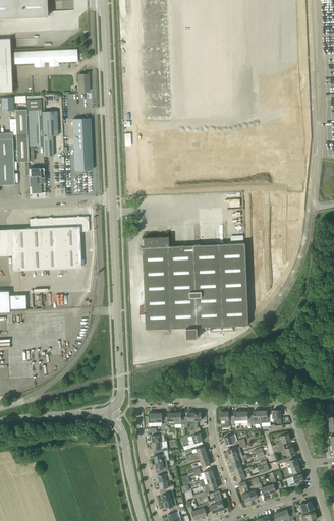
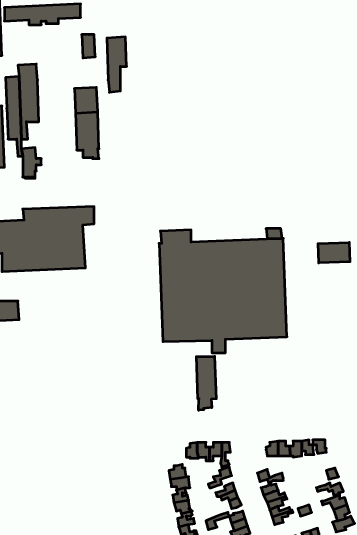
building: [42,111,58,157] -> [107,37,127,92]
building: none -> [318,242,350,263]
building: none -> [196,356,216,410]

